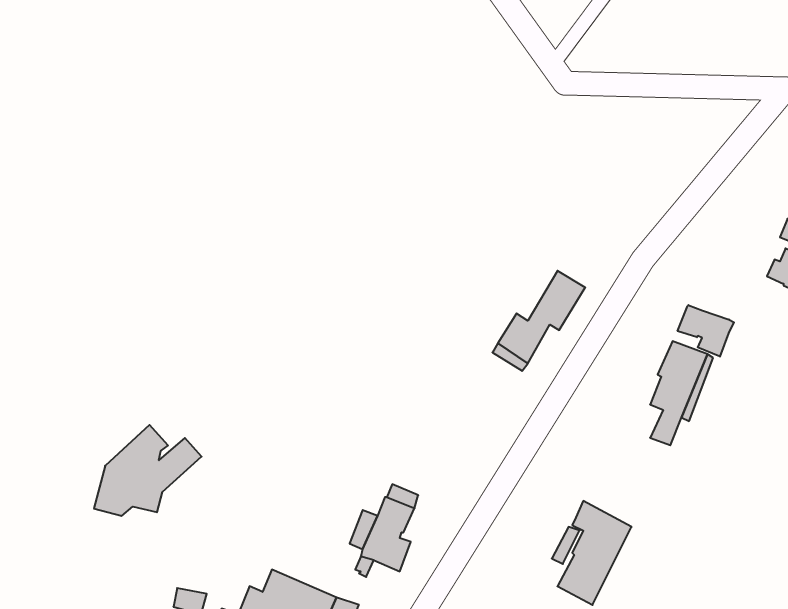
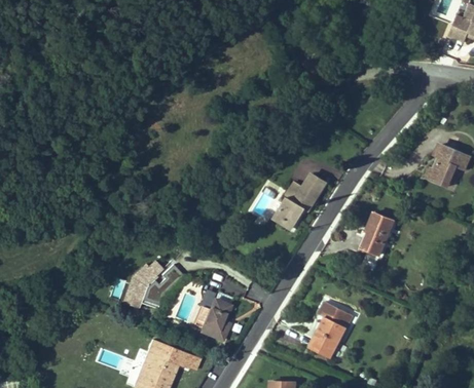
building: [678,305,734,357] -> none
building: [94,425,202,516] -> [121,257,181,307]

